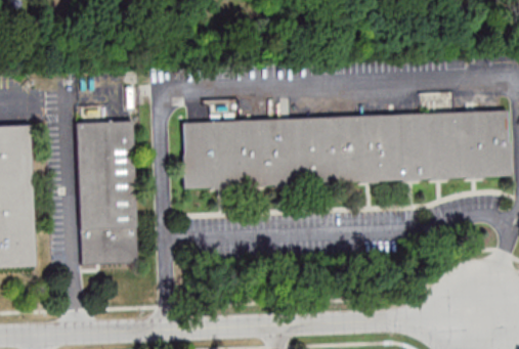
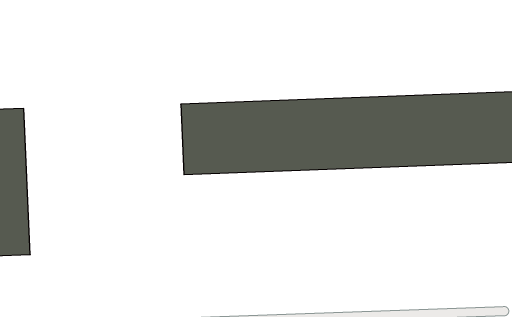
building: [75,121,138,264] -> none

